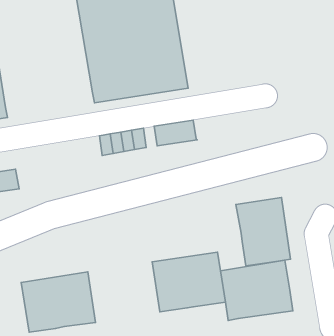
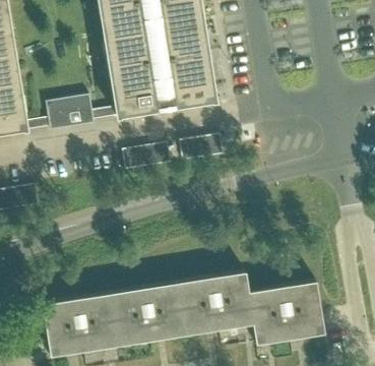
building: none -> [25,95,118,132]
building: [236,197,291,266] -> none
building: none -> [111,283,186,346]

